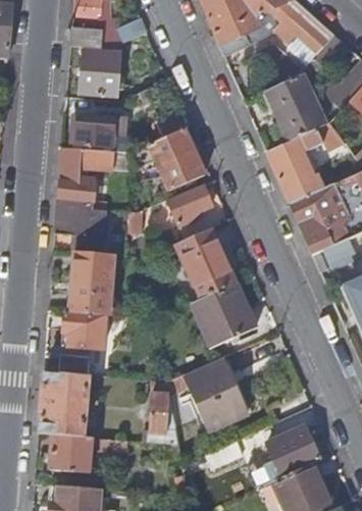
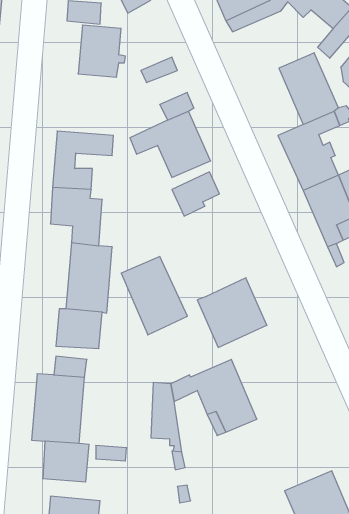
building: [73,116,118,148] -> none
building: [175,228,237,301] -> [121,257,187,335]
building: [258,427,319,483] -> none

